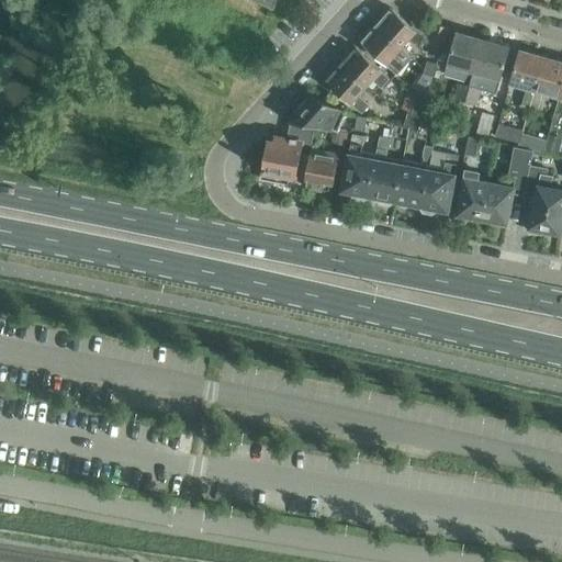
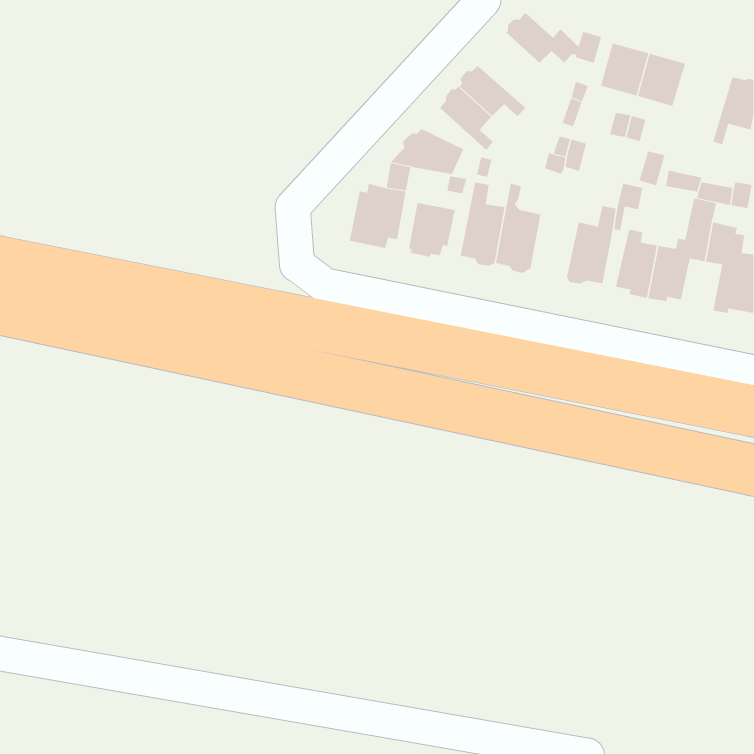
building: [361,25,402,74] -> none
building: [508,50,543,106] -> none
building: [394,146,432,207] -> none

